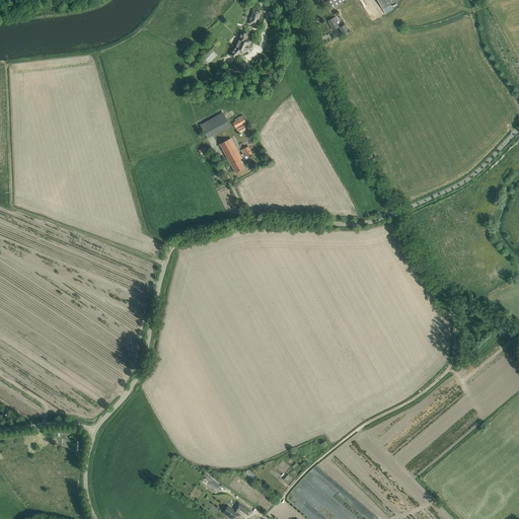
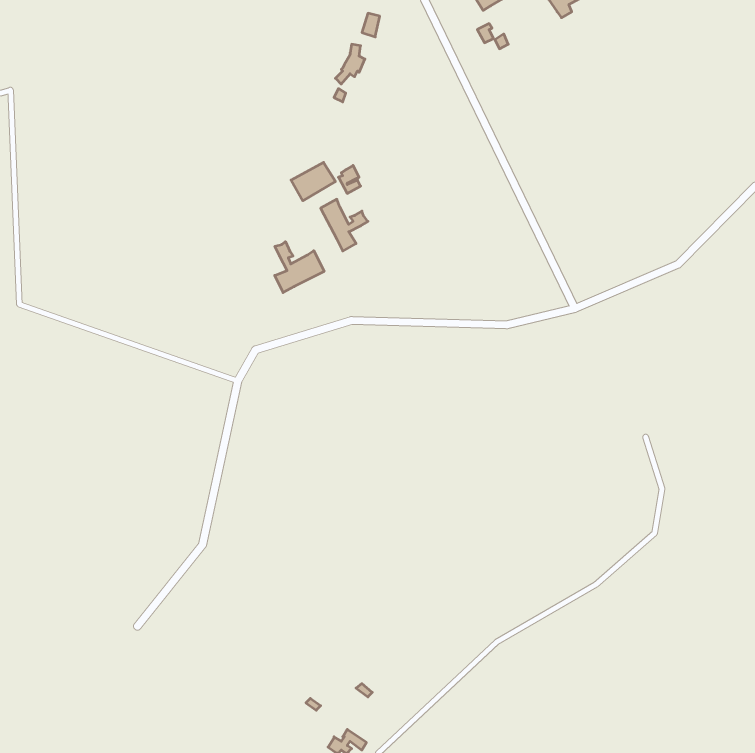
building: none -> [275,242,324,293]

